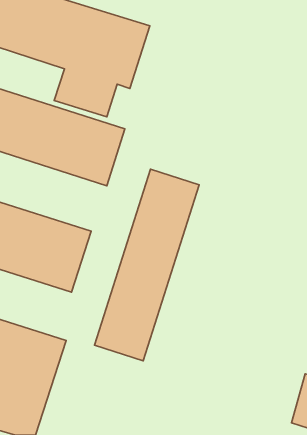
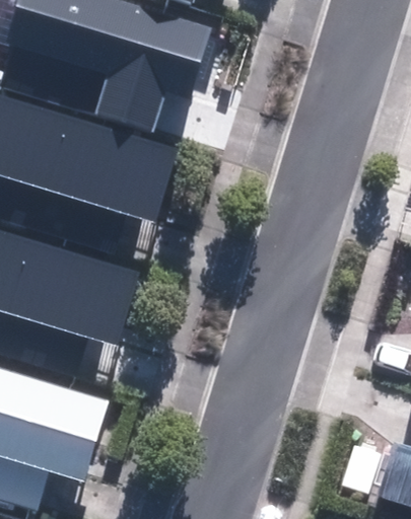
building: [95,169,199,361] -> none

